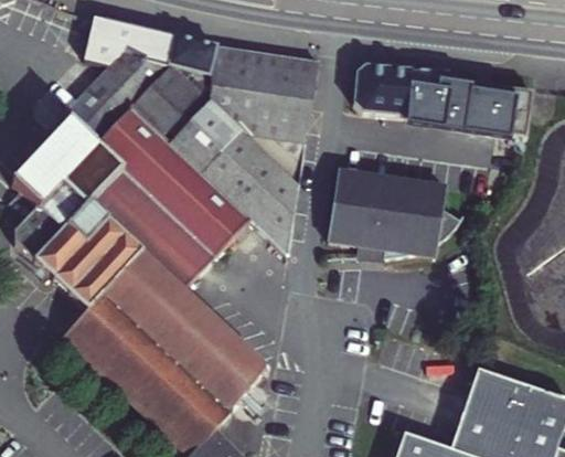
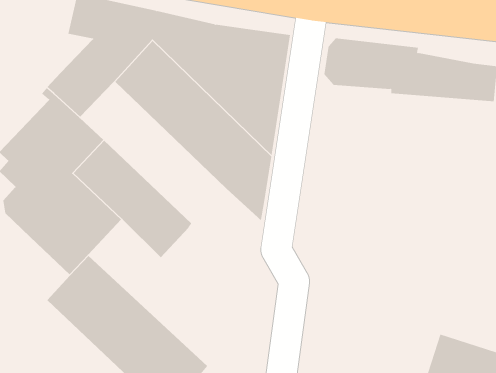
building: [97,107,250,256] -> none
building: [328,167,466,259] -> none
building: [106,252,263,406] -> none

